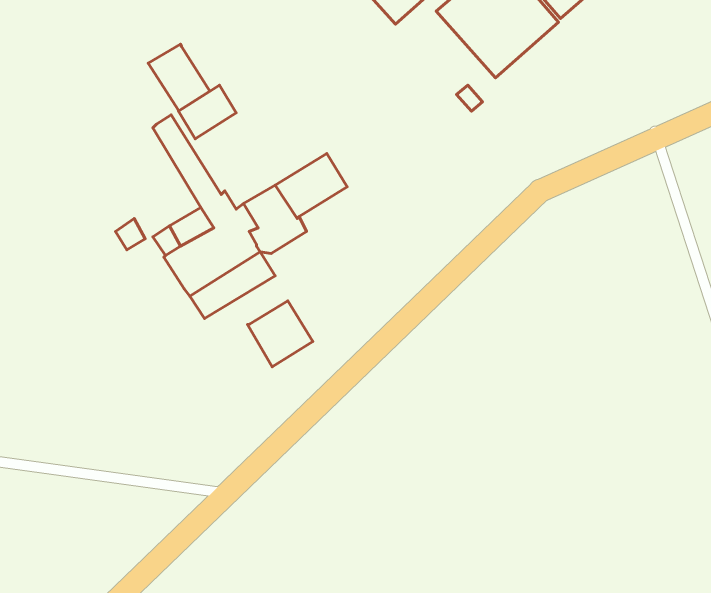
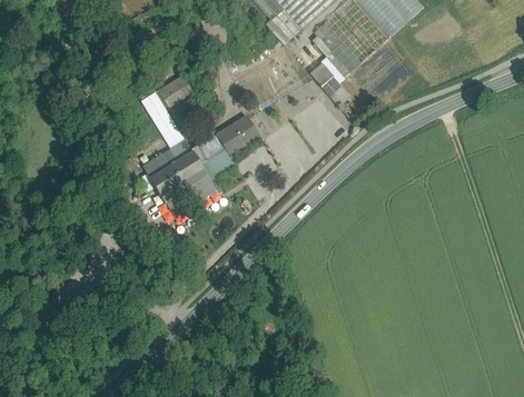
building: [148,44,210,111] -> none
building: [247,301,313,367] -> none

